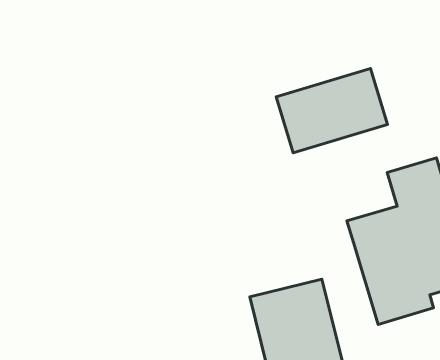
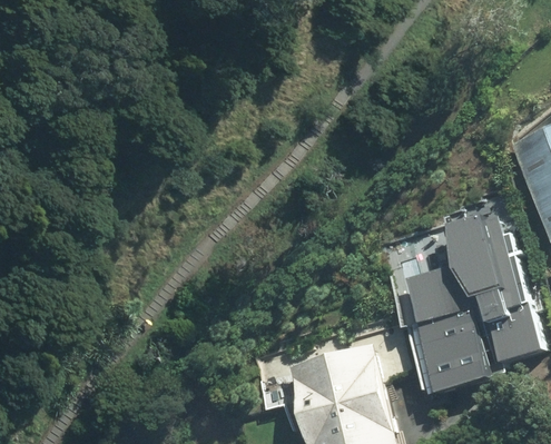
building: [276,68,387,153] -> none

